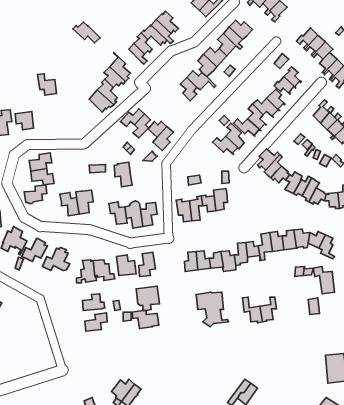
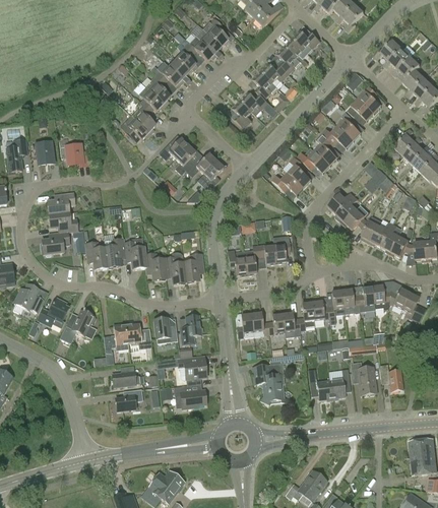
building: [73,22,100,43] -> [150,61,184,86]
building: [37,74,57,95] -> [58,137,81,164]
building: [114,162,132,187] -> [124,238,146,268]
building: [313,266,335,294] -> [350,361,376,394]

